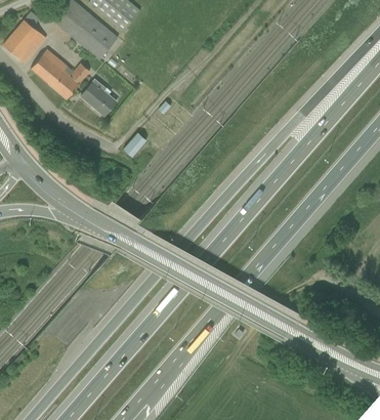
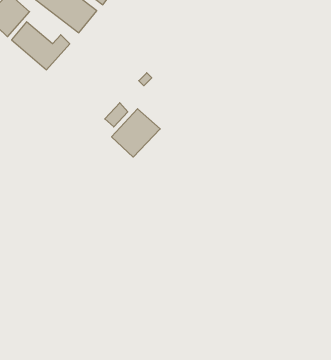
building: [81,77,119,117] -> none
building: none -> [112,109,160,157]

